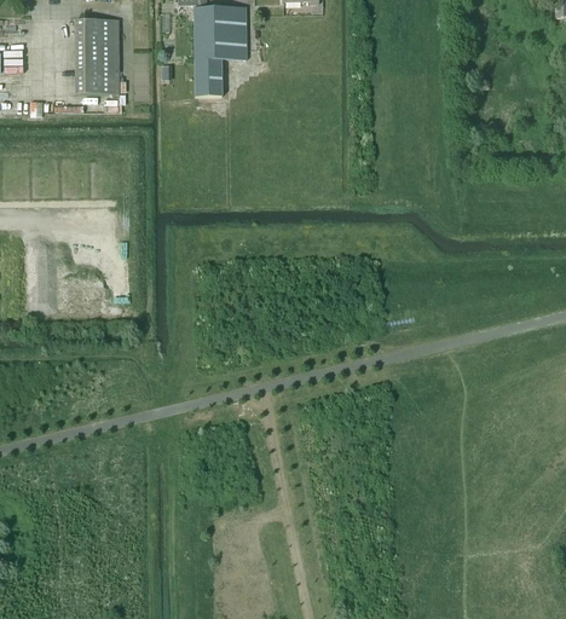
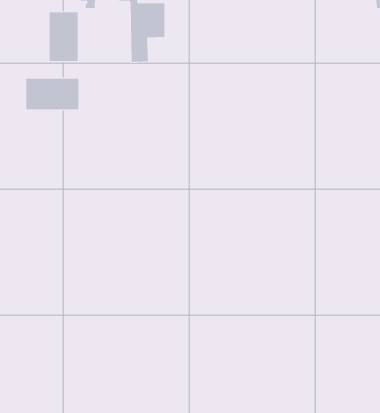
building: none -> [26,78,79,110]

